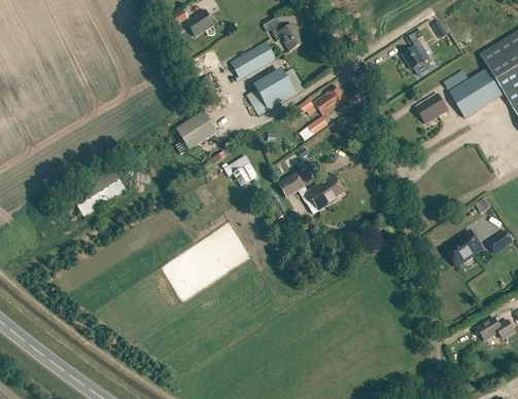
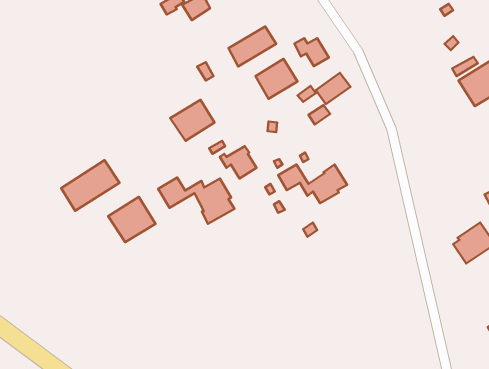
building: [271,23,304,49] -> [294,38,329,66]
building: [403,28,430,68] -> none
building: [416,92,449,122] -> none
building: none -> [158,177,235,224]
building: none -> [108,197,155,242]

